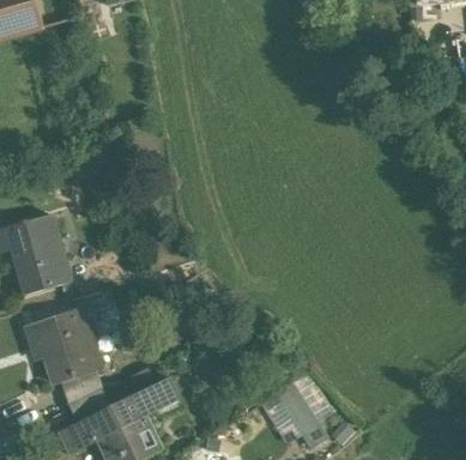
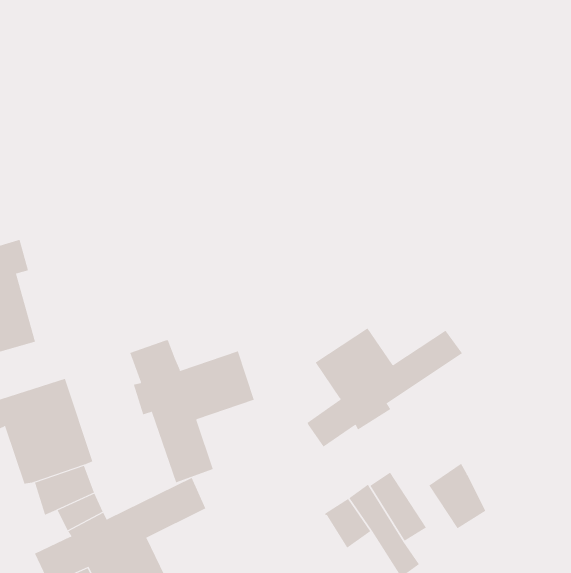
building: none -> [307,328,463,447]
building: none -> [129,339,255,483]
building: none -> [428,463,486,529]

